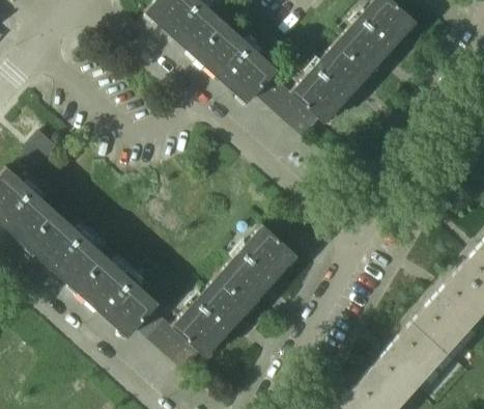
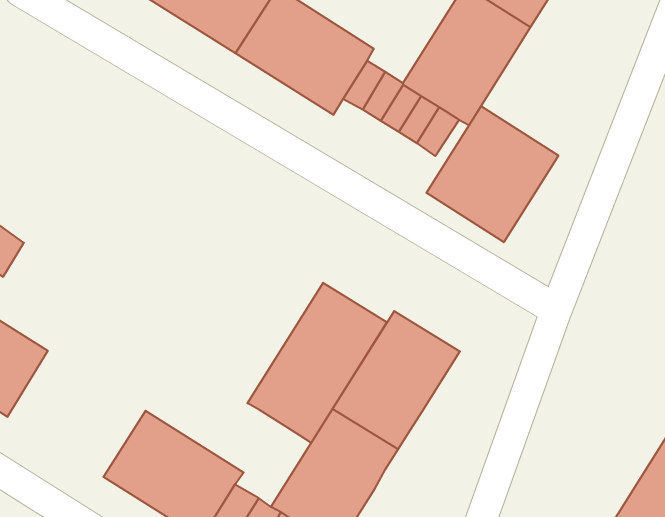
building: none -> [426,106,558,242]
building: none -> [247,283,387,443]
building: [28,213,109,292] -> none

